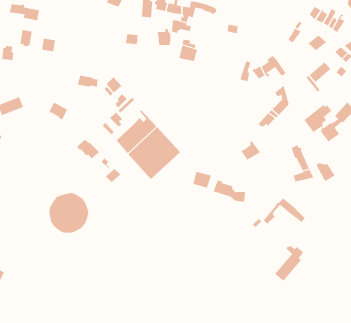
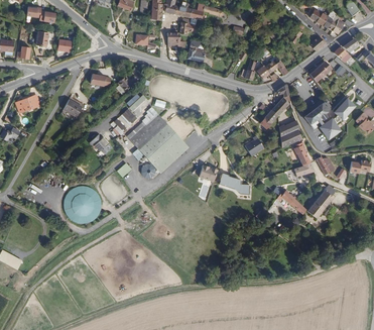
building: none -> [279,106,302,147]
building: [274,245,304,281] -> [307,183,336,217]

